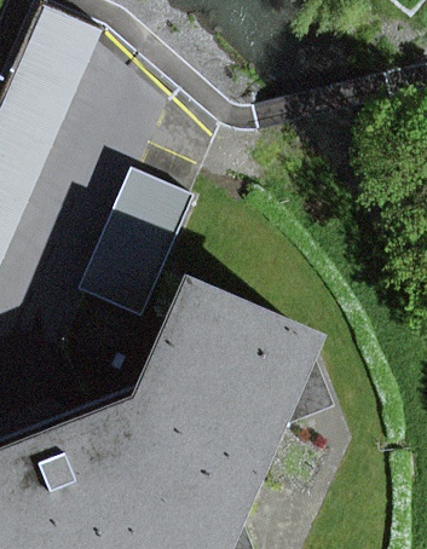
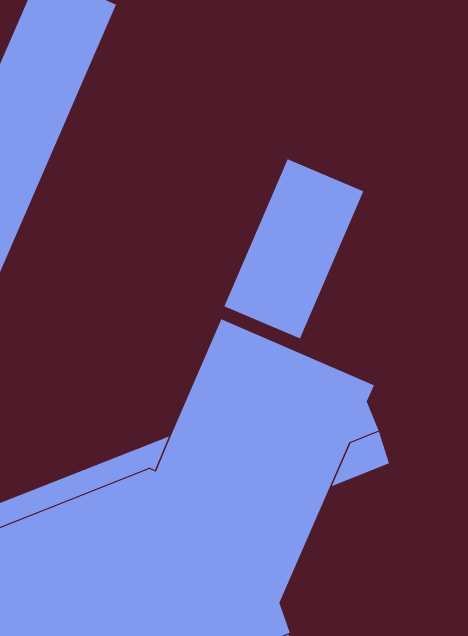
building: [79,166,194,313] -> [223,158,364,339]

